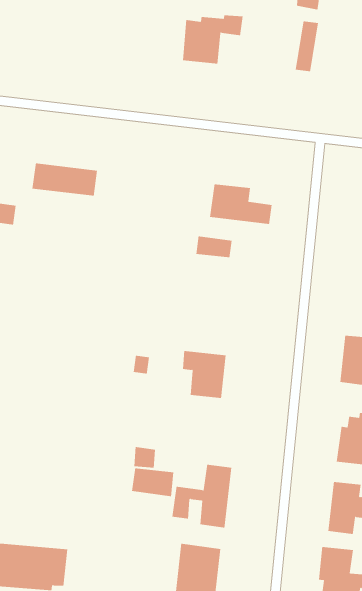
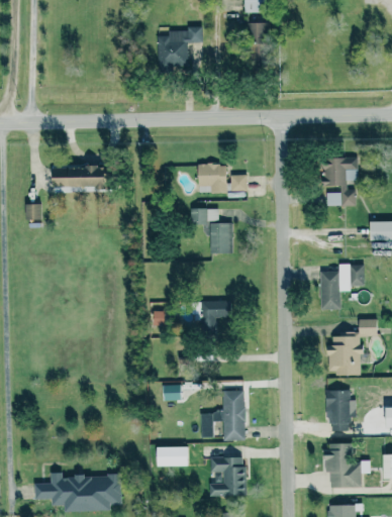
building: none -> [210,223,230,253]
building: [131,468,174,497] -> [157,446,190,467]

